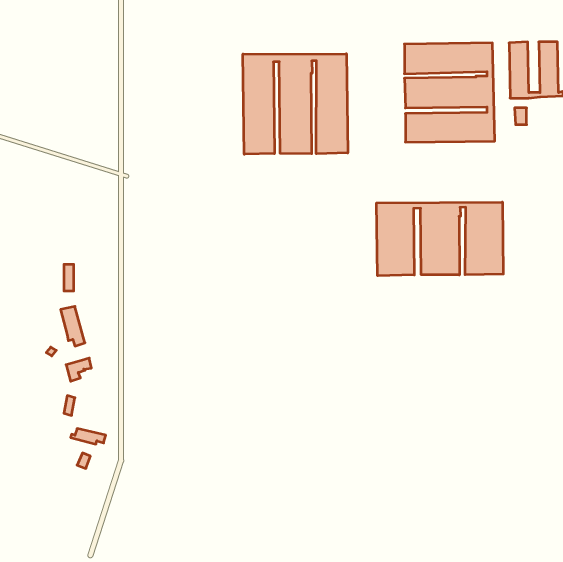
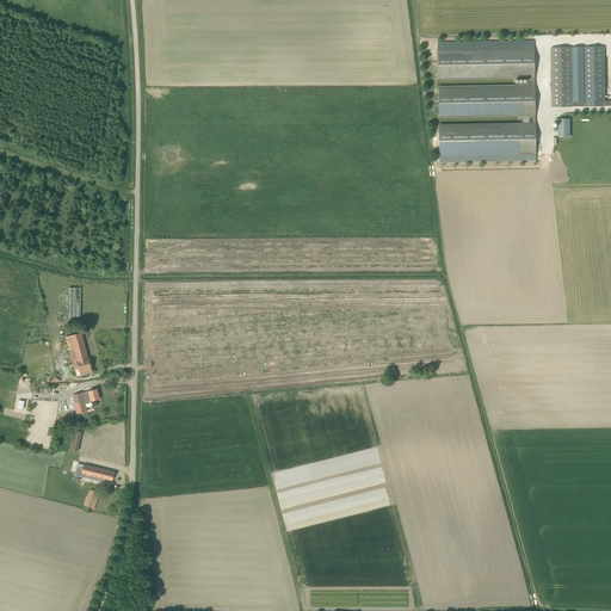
building: [243,54,348,154] -> none
building: [377,202,503,276] -> none

